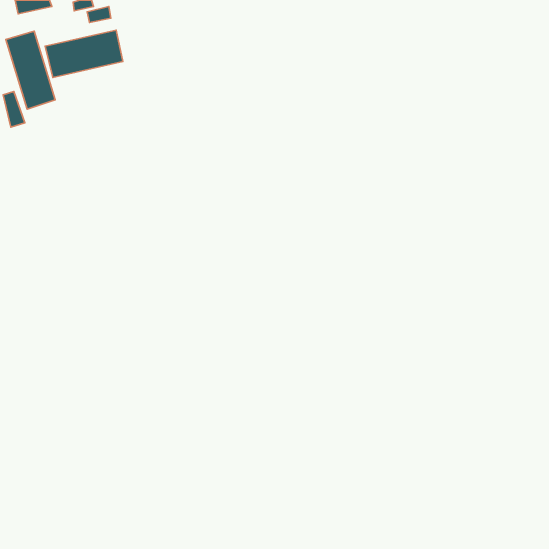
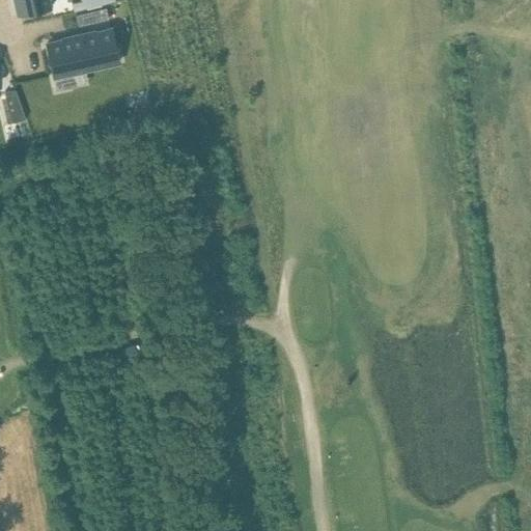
building: [6,31,55,109] -> none

